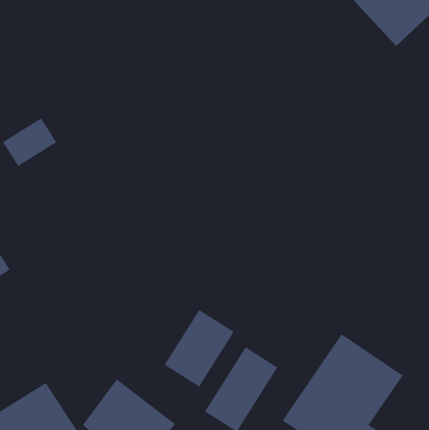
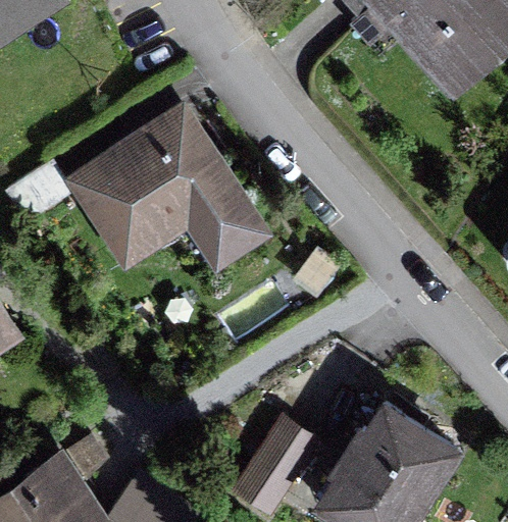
building: none -> [82,113,261,260]
building: [164,309,234,387] -> none

